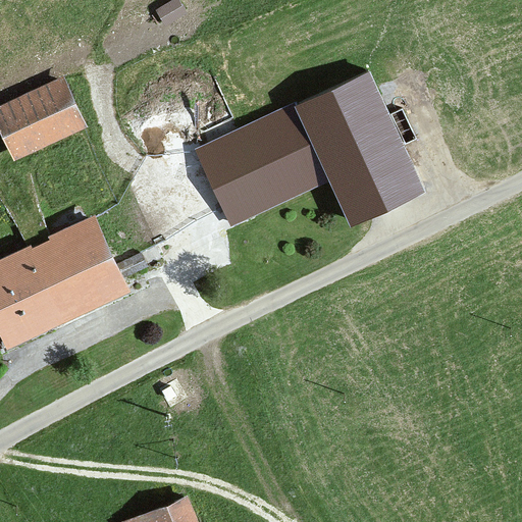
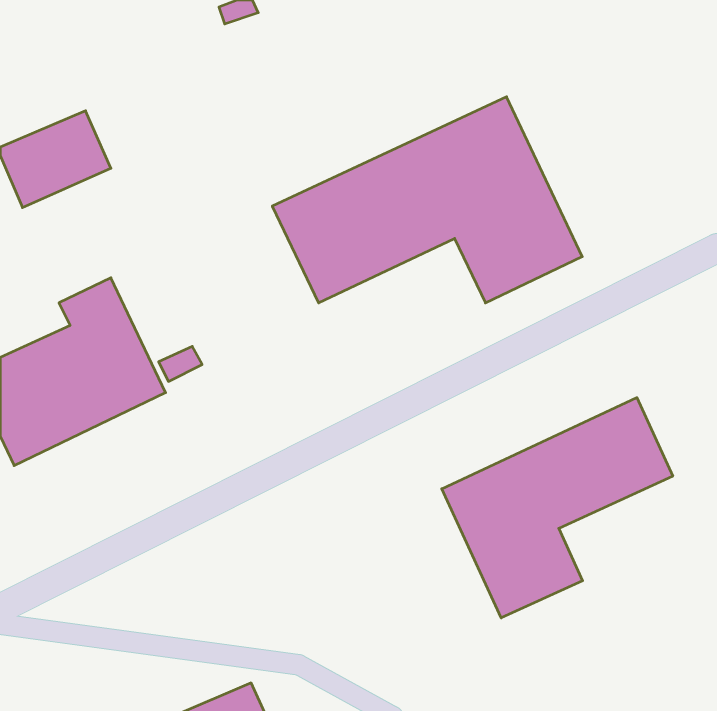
building: none -> [442,398,673,618]

